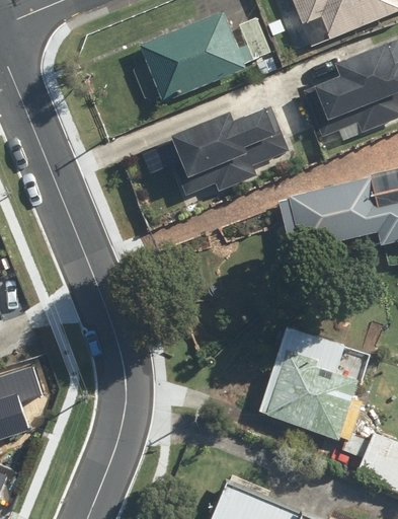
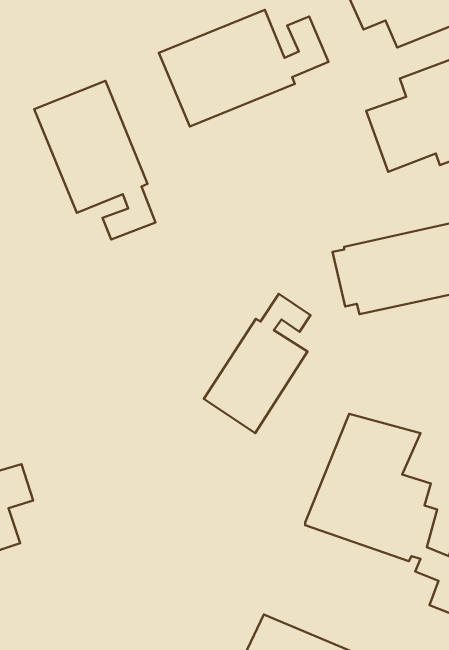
building: none -> [34,81,155,239]
building: [166,104,289,195] -> none
building: none -> [204,294,310,433]

